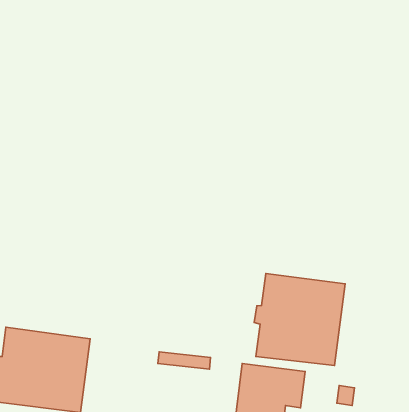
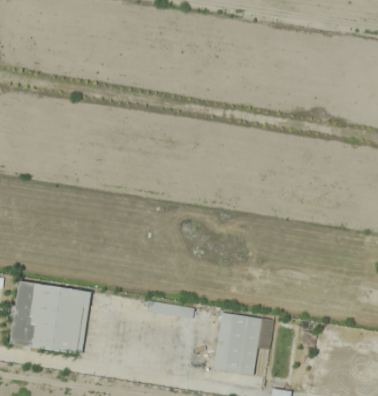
building: [254,273,345,365] -> none

